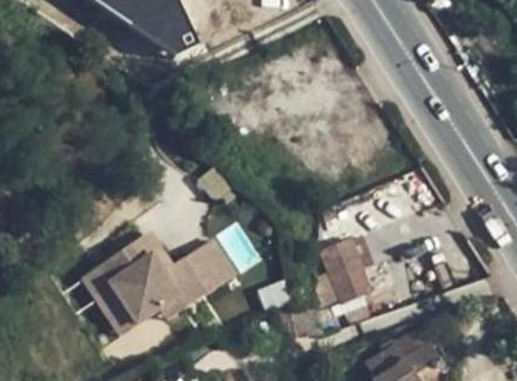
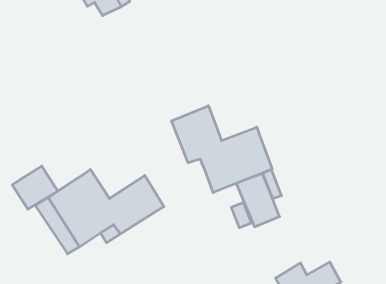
building: none -> [172,106,272,193]
building: none -> [12,166,58,209]

